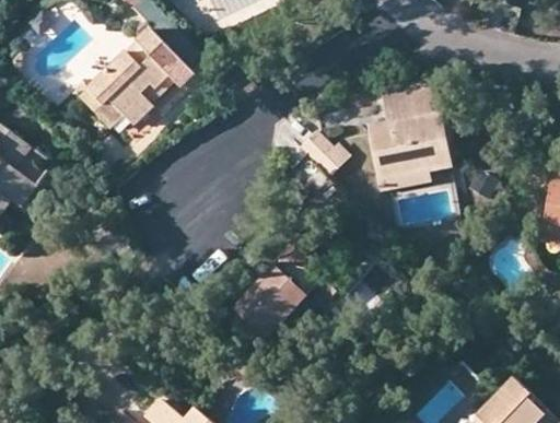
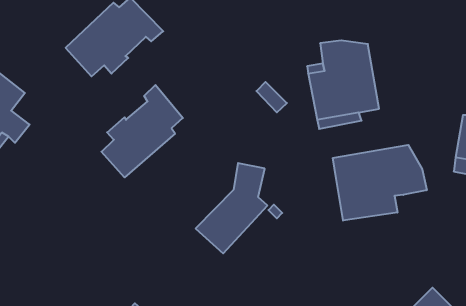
building: none -> [101,85,183,177]
building: none -> [333,145,427,221]

